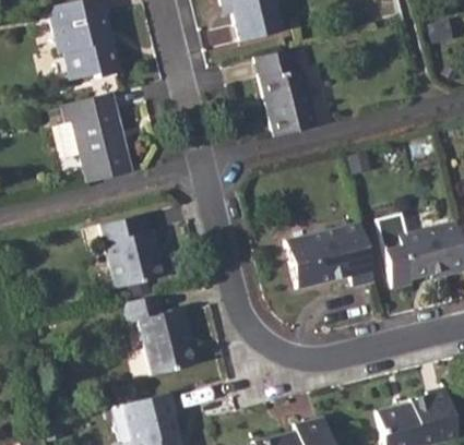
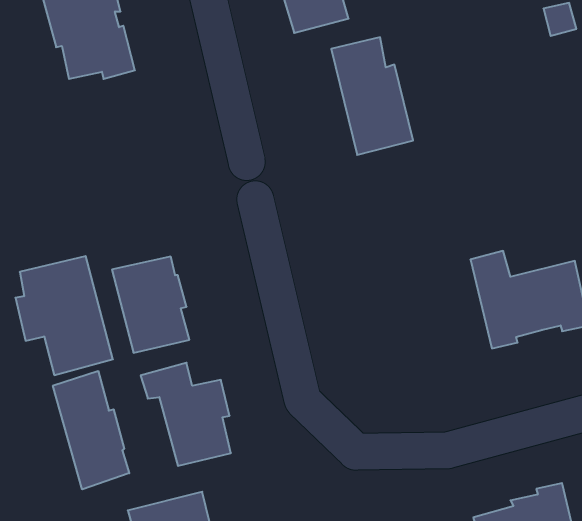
building: [58,95,132,185] -> [15,256,113,375]
building: [284,222,373,289] -> none
building: none -> [53,371,129,489]

